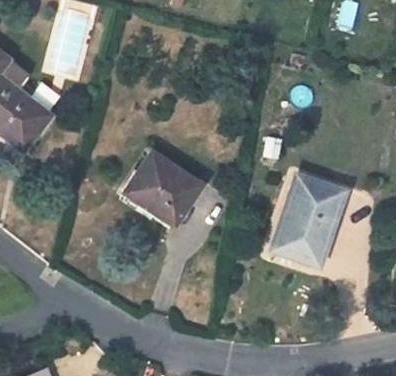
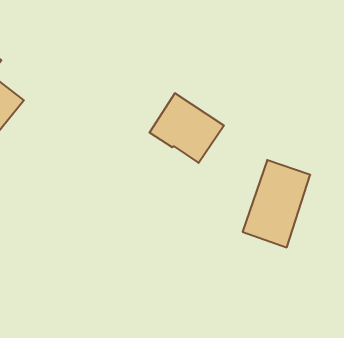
building: [126,152,202,223] -> [149,93,224,163]

